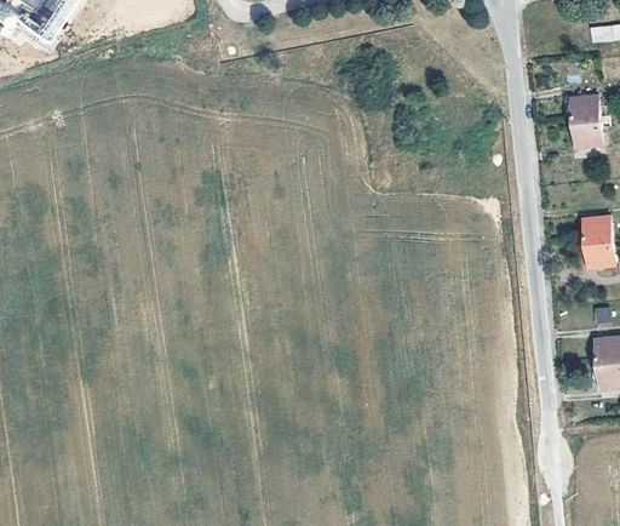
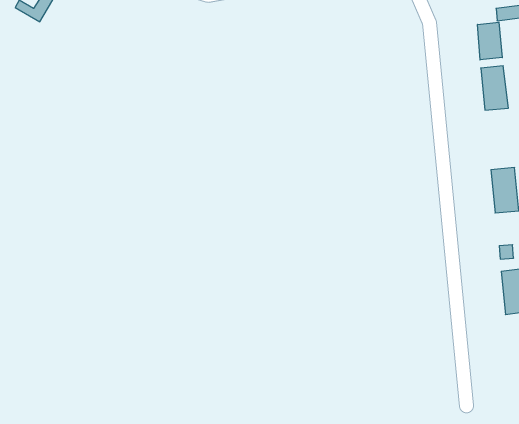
building: none -> [478,22,502,60]

